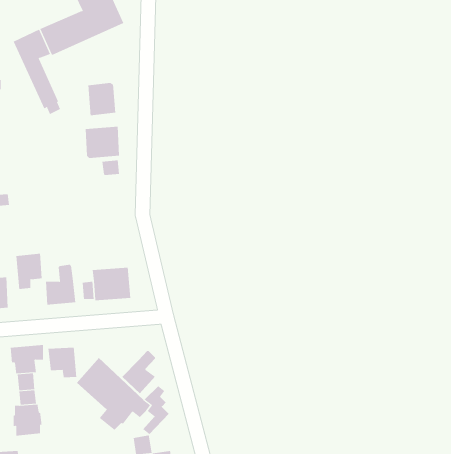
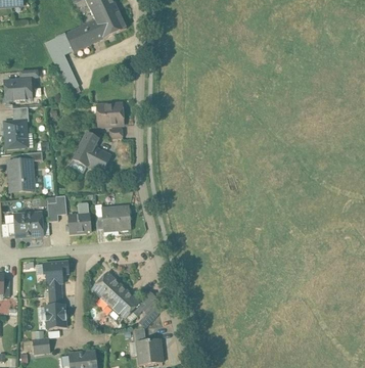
building: [88,82,116,116] -> none
building: none -> [73,133,111,174]
building: [48,347,77,378] -> none
building: [121,350,156,394] -> none

